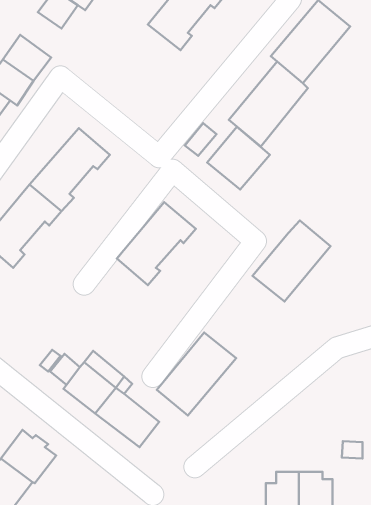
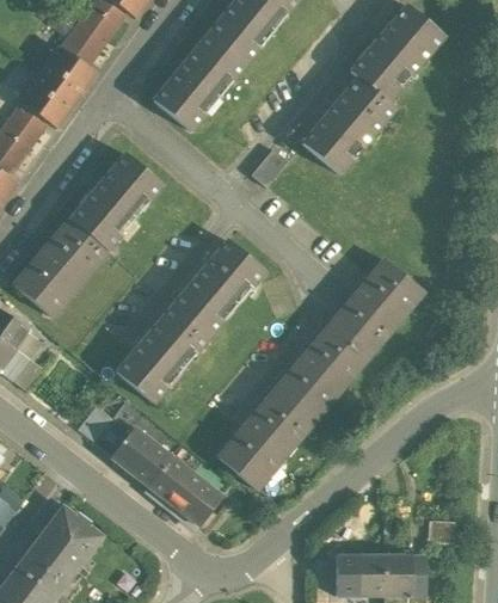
building: none -> [61,19,107,66]
building: none -> [153,33,246,131]
building: [207,127,270,190] -> none
building: none -> [116,306,208,402]
building: none -> [273,326,367,422]

